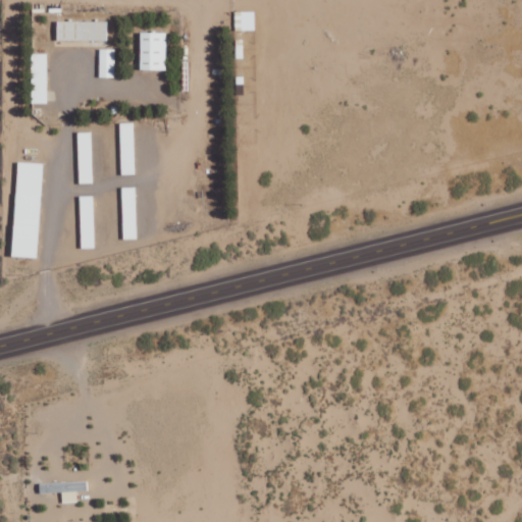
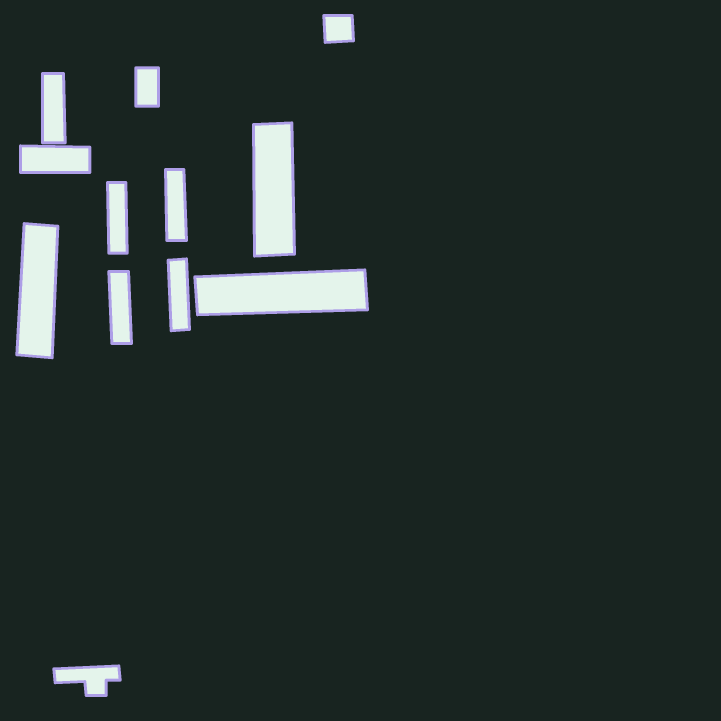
building: [56,21,106,41] -> [21,146,90,173]
building: [140,33,165,70] -> none
building: none -> [254,123,295,256]
building: none -> [195,270,368,315]

